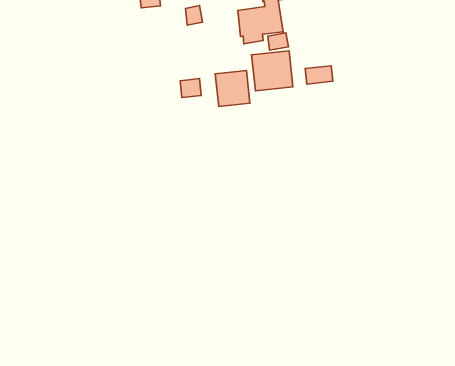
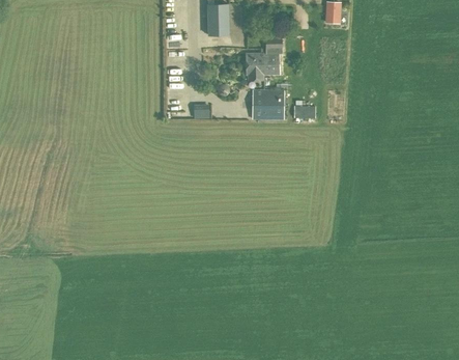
building: [215,71,250,107] -> none

